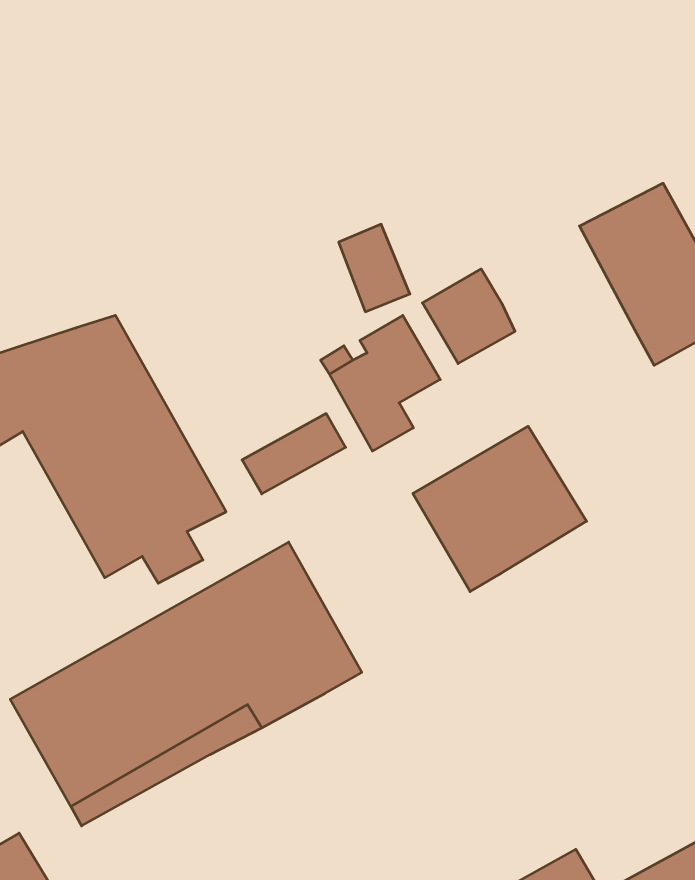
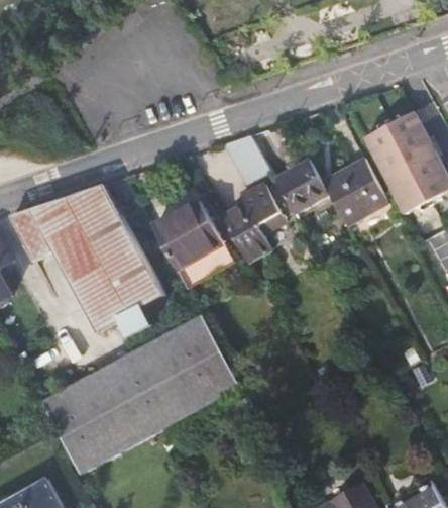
building: none -> [321,155,385,223]
building: none -> [151,199,221,267]
building: [413,426,587,592] -> none

